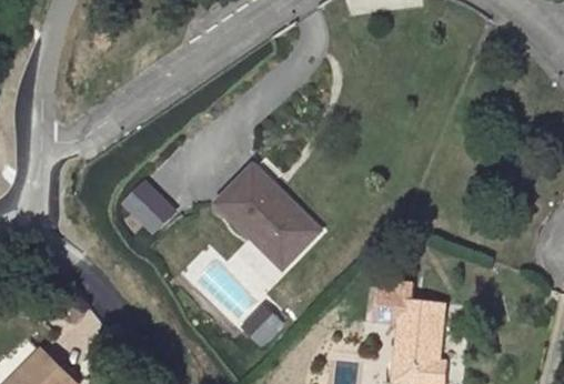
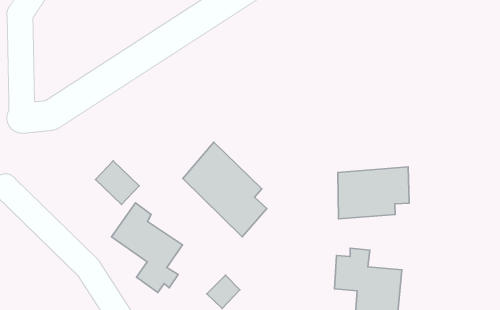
building: none -> [338,167,409,219]
building: none -> [111,203,182,293]

